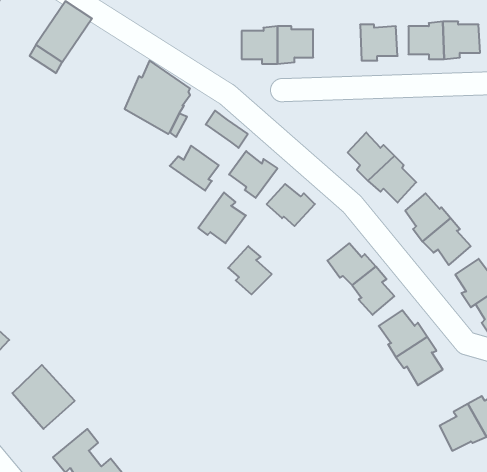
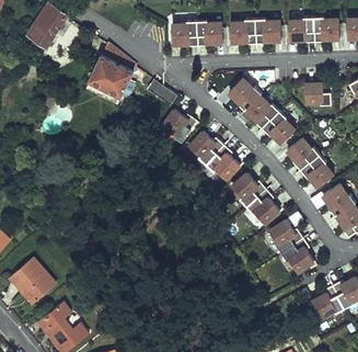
building: none -> [230,19,256,44]
building: none -> [229,77,262,112]
building: none -> [305,79,331,104]
building: [170,146,219,191] -> none
building: [198,192,246,243] -> none
building: [228,246,272,294] -> [209,145,240,179]

